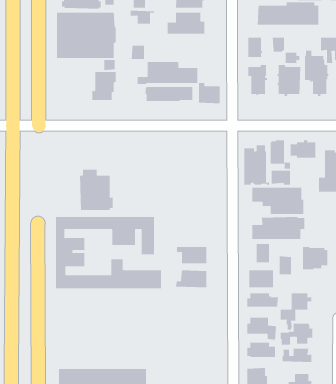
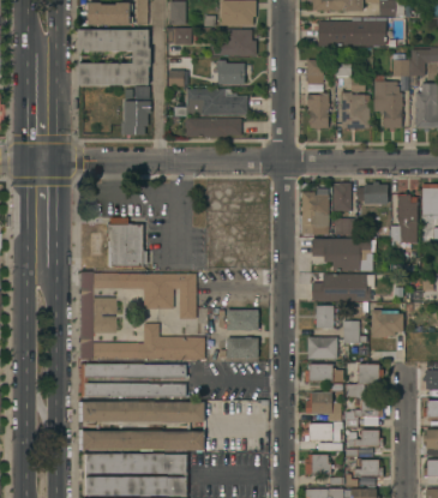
building: [198,83,220,104] -> [217,60,244,85]
building: none -> [77,365,186,397]
building: none -> [77,403,204,452]

